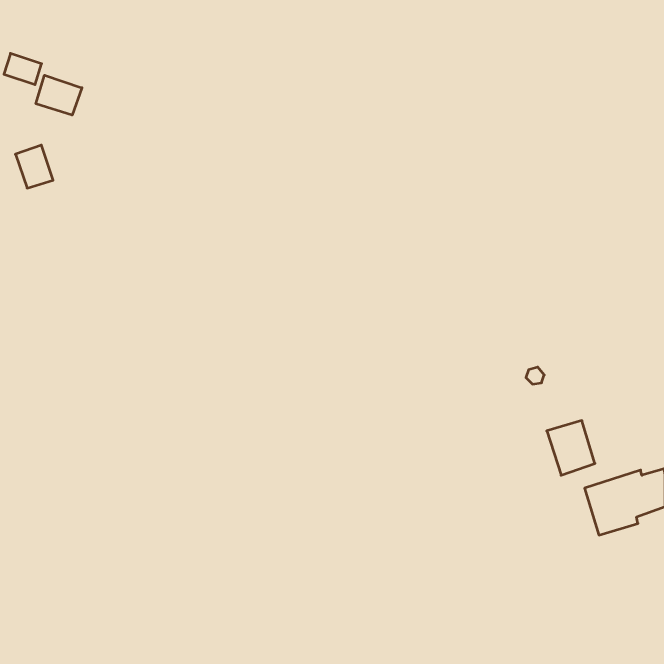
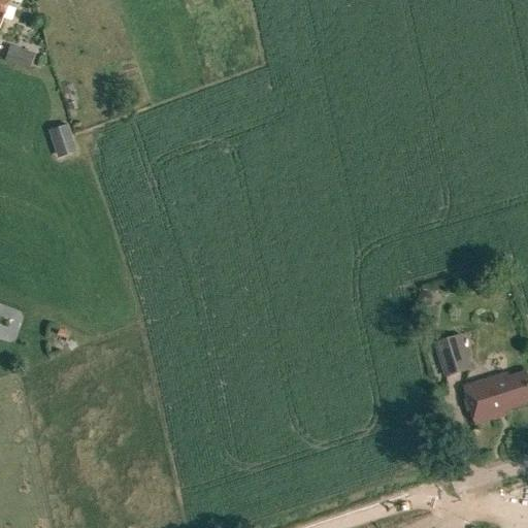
building: [36,75,82,115] -> none
building: [15,145,53,188] -> [46,123,76,157]

